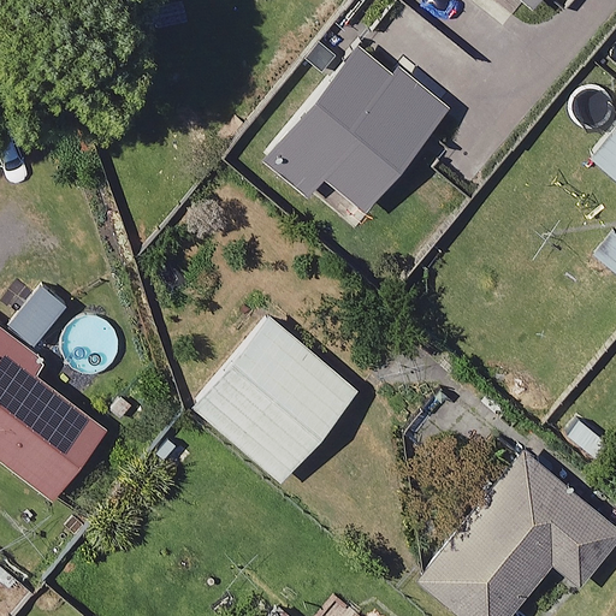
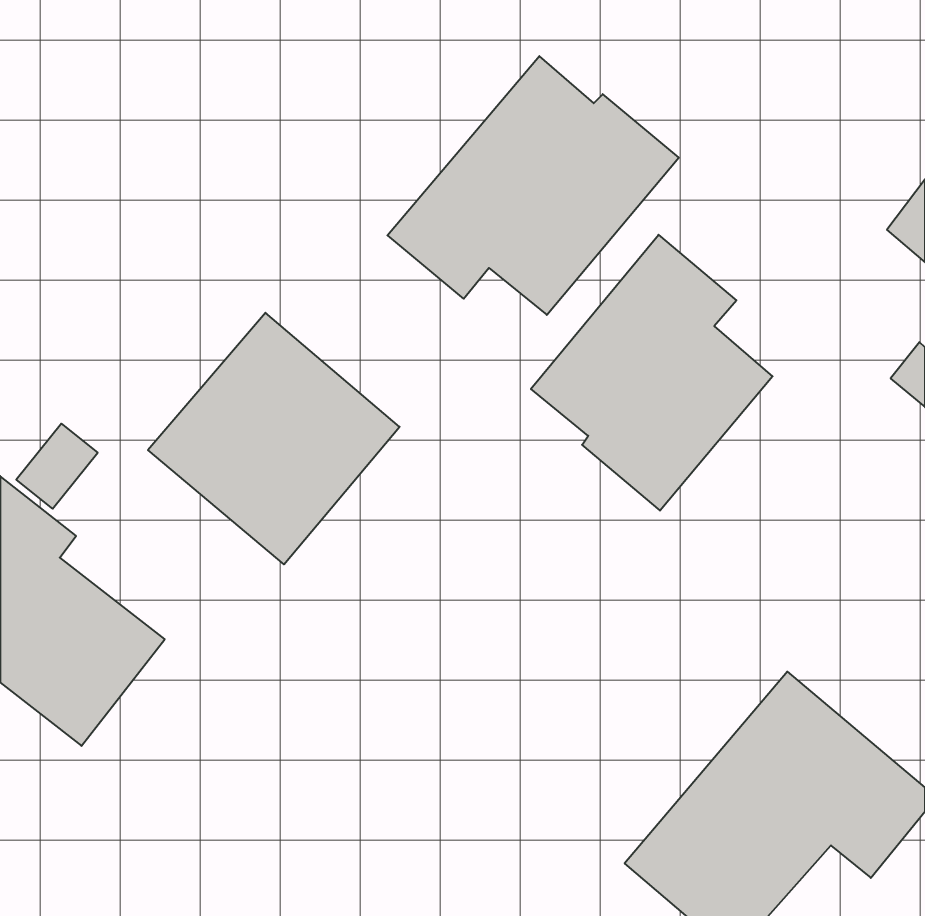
building: none -> [531,235,773,511]
building: [192,316,360,484] -> [148,313,400,564]

